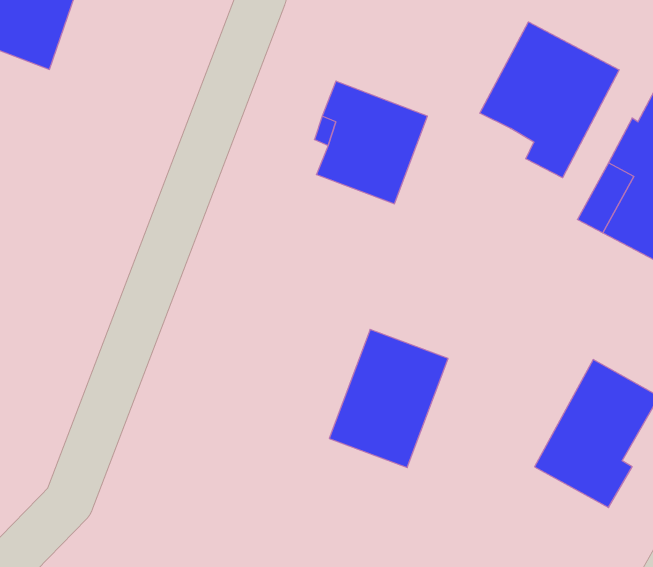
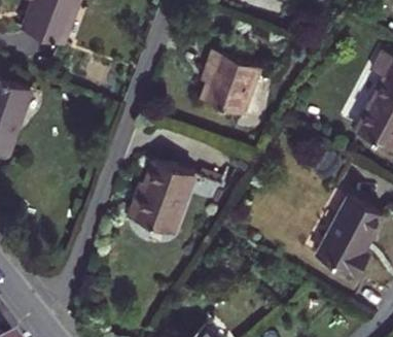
building: [480,22,619,178] -> none
building: [329,329,448,468] -> [134,161,196,234]

